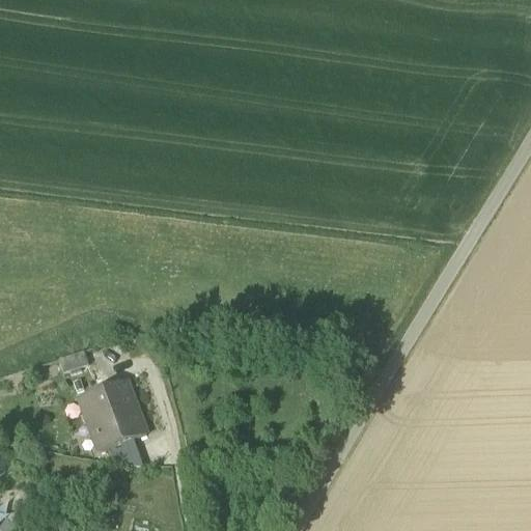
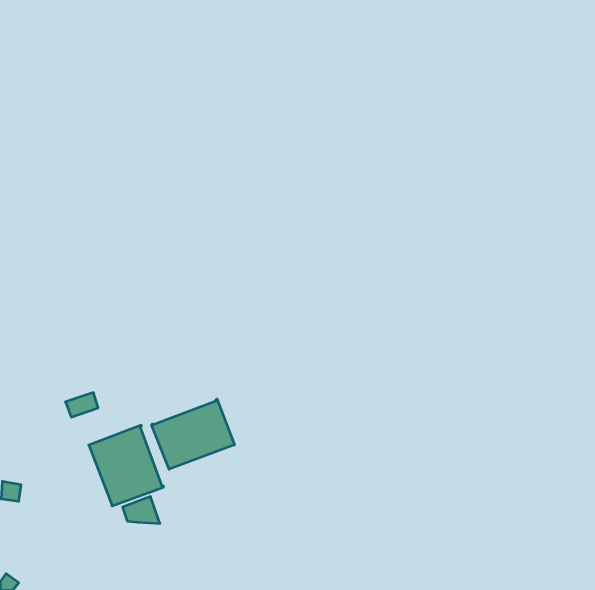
building: none -> [152,399,234,469]

